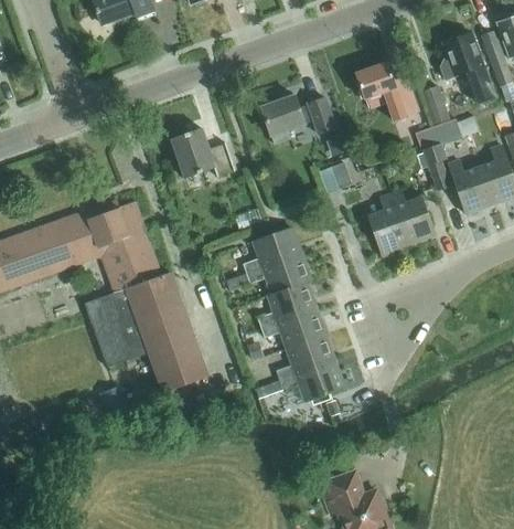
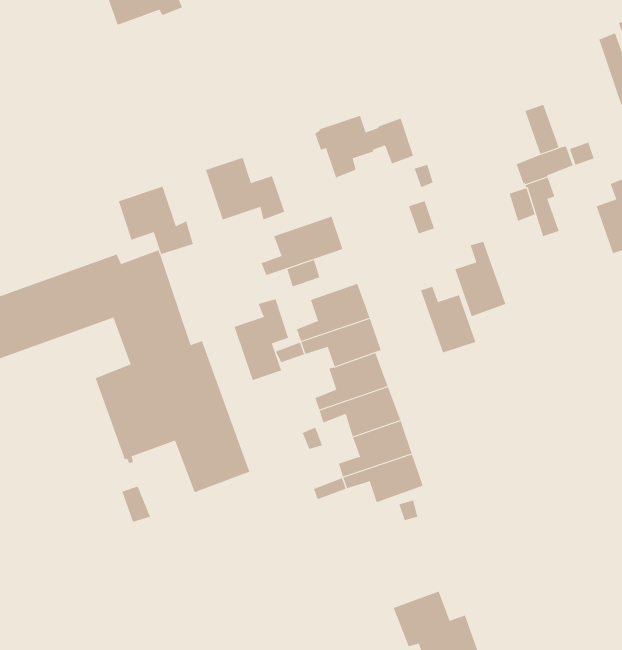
building: [440,32,493,103] -> none
building: [355,62,418,120] -> none
building: none -> [118,186,194,255]
building: [448,160,492,214] -> none
building: none -> [261,216,343,276]
building: [390,191,435,244] -> [420,286,476,353]
building: none -> [234,298,289,381]

